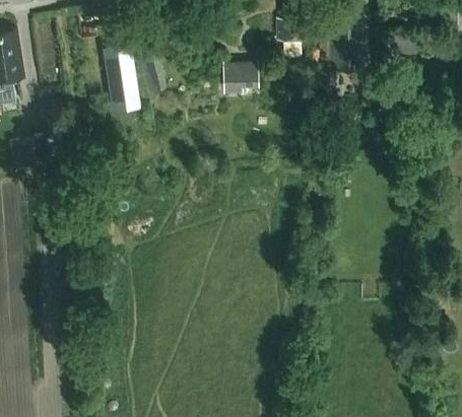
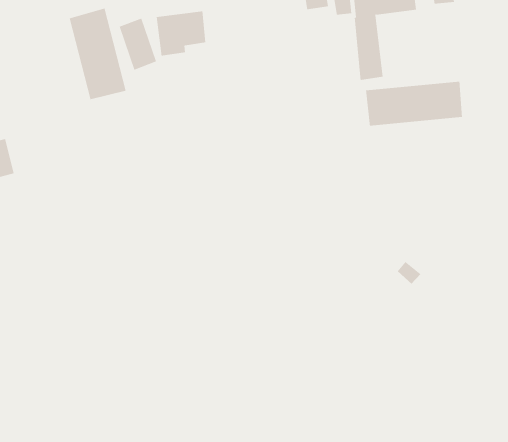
building: [222,62,259,93] -> [156,11,206,56]
building: none -> [365,81,463,126]

